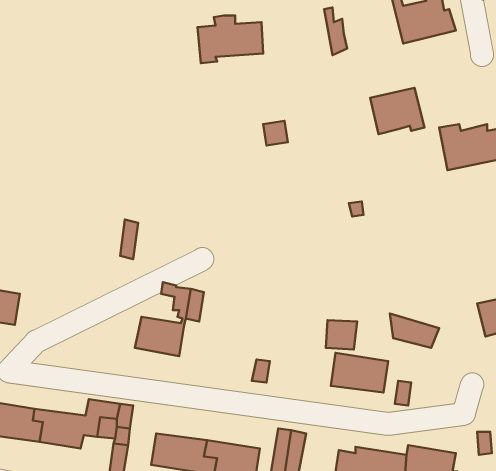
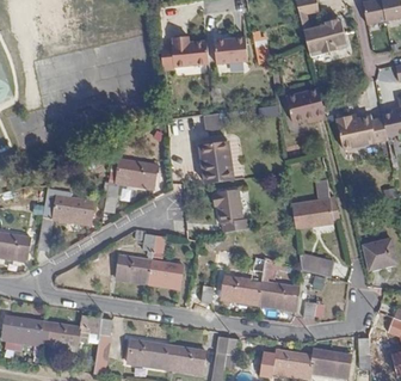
building: none -> [214,37,247,63]
building: none -> [199,141,233,183]
building: none -> [117,161,156,189]
building: none -> [37,188,91,251]
building: none -> [212,189,245,232]
building: none -> [291,196,340,227]
building: none -> [147,260,183,288]
building: none -> [220,275,260,305]

